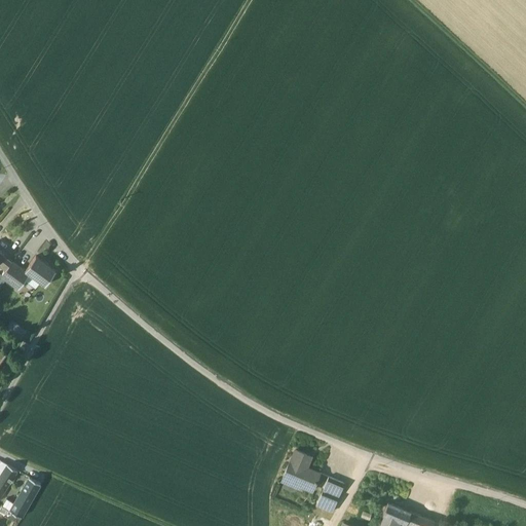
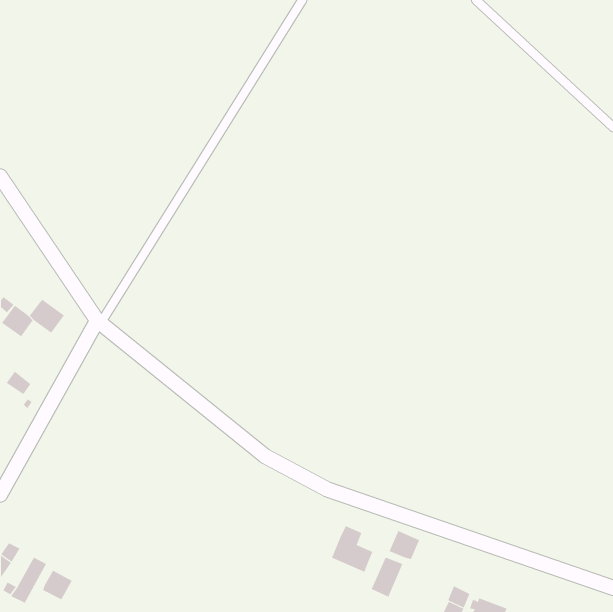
building: none -> [389,530,420,560]
building: none -> [43,570,72,600]

